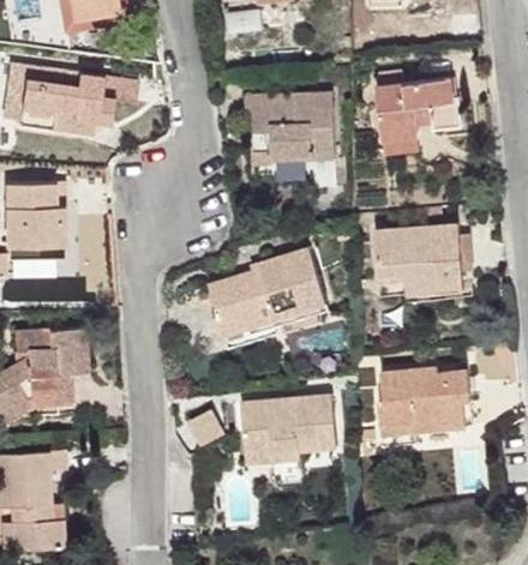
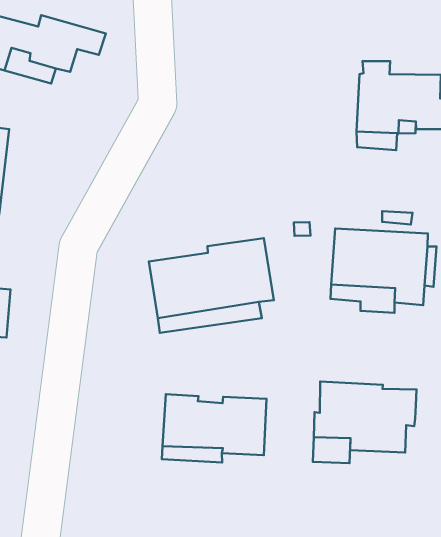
building: [244,92,335,164] -> none

